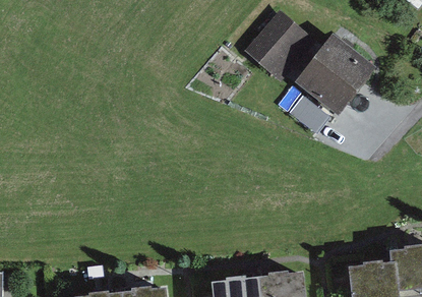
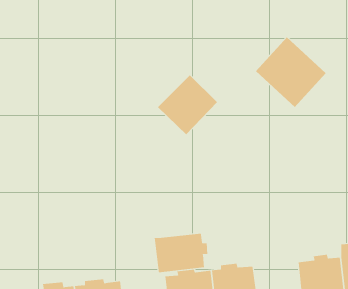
building: [251,19,313,81] -> [157,74,218,135]
building: none -> [154,233,208,273]

